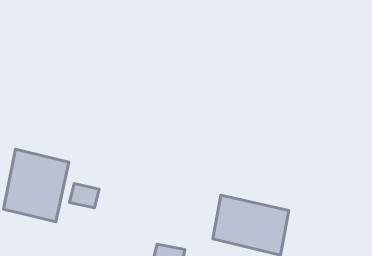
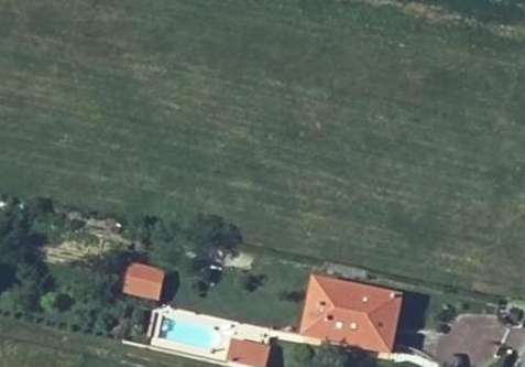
building: [4,149,69,222] -> none

